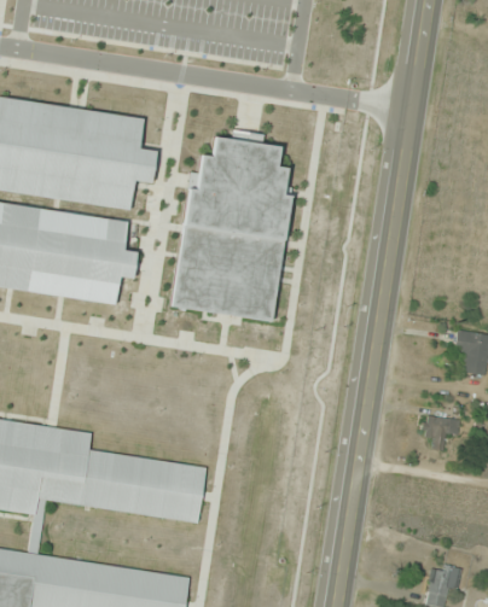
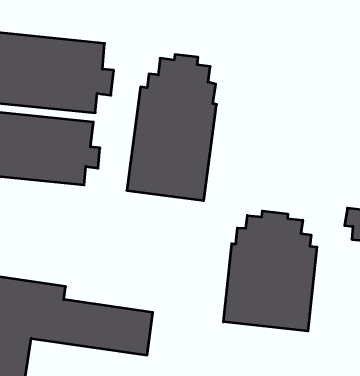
building: none -> [223,211,317,331]
building: [426,416,463,450] -> none

